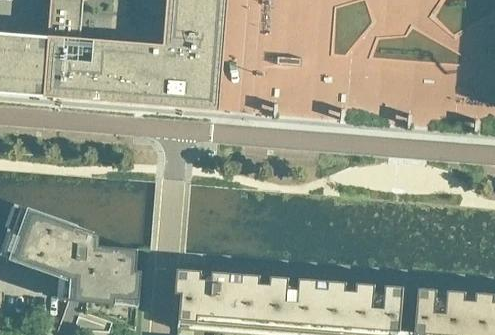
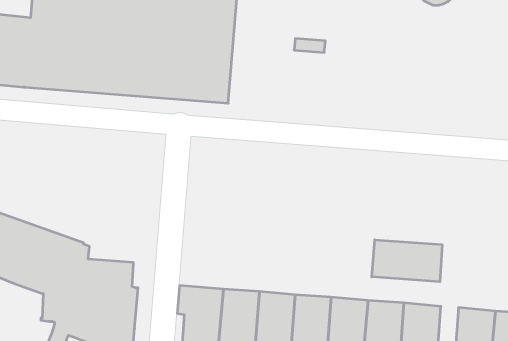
building: none -> [372,240,442,282]

